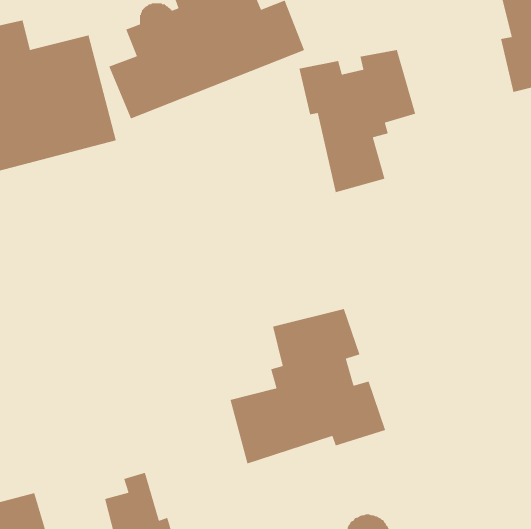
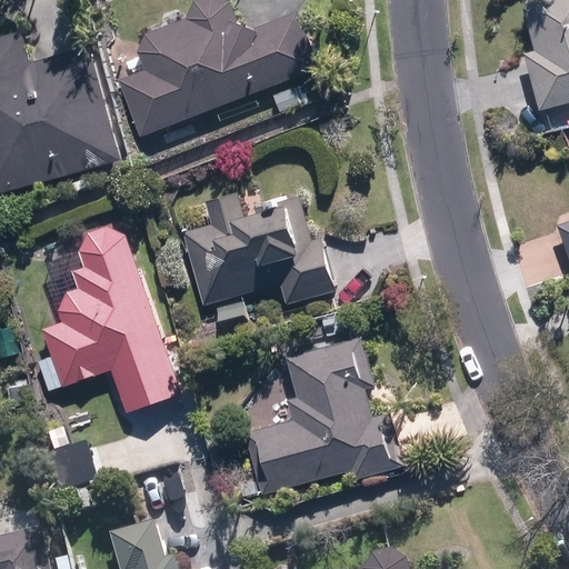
building: [298,49,416,193] -> none
building: none -> [181,191,338,322]
building: none -> [38,216,181,413]

